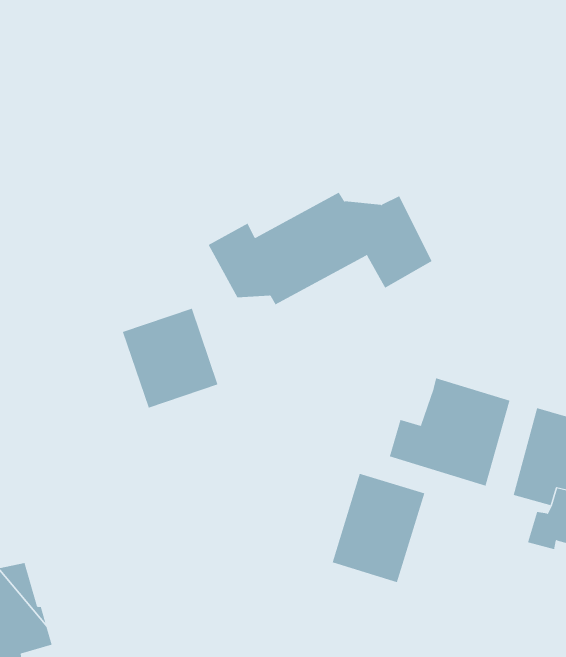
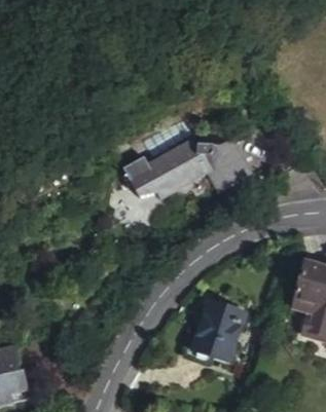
building: [122,308,218,408] -> none
building: [389,377,510,486] -> none

